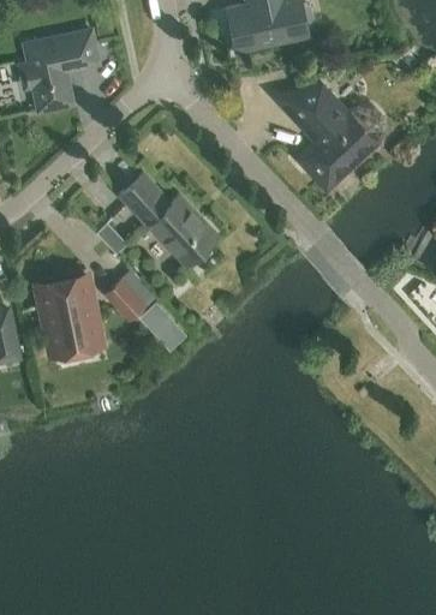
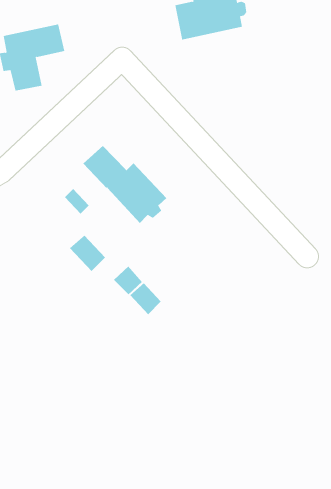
building: [276,86,383,187] -> none
building: [42,279,96,348] -> none
building: none -> [129,283,162,315]

